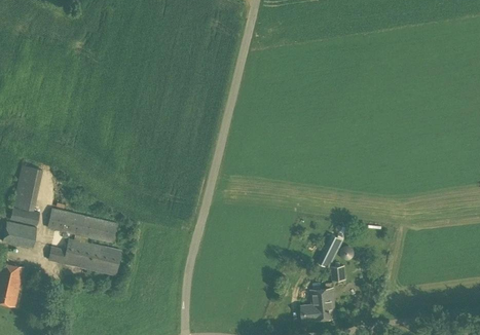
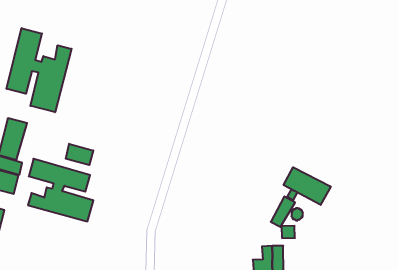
building: none -> [7,28,72,112]
building: none -> [66,144,93,165]
building: none -> [284,167,331,205]

